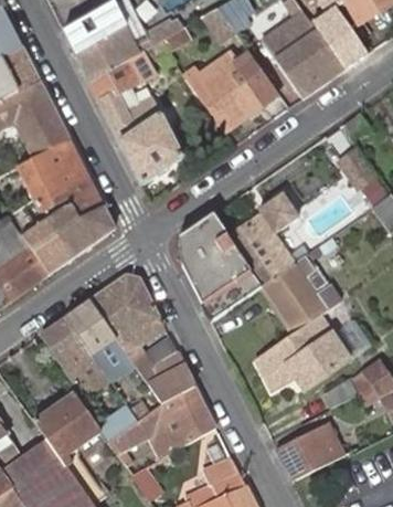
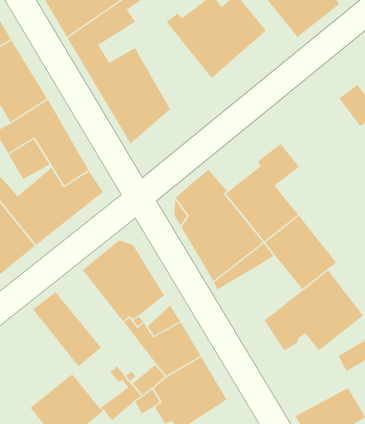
building: [64,298,127,371] -> none

